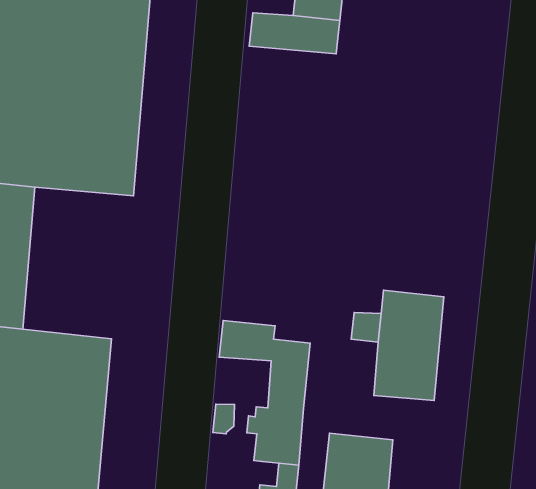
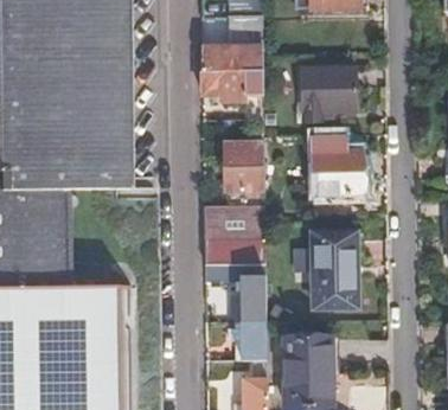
building: none -> [201,70,264,102]
building: none -> [303,69,357,122]
building: none -> [203,145,267,265]
building: none -> [313,135,364,194]

